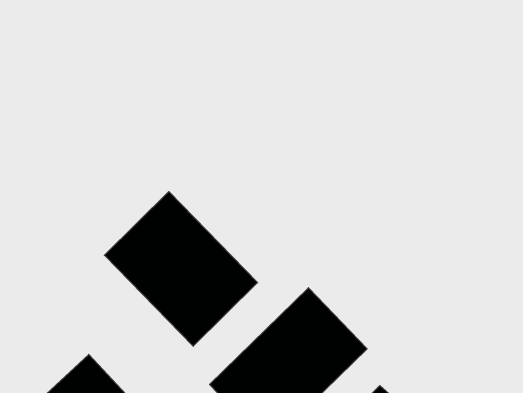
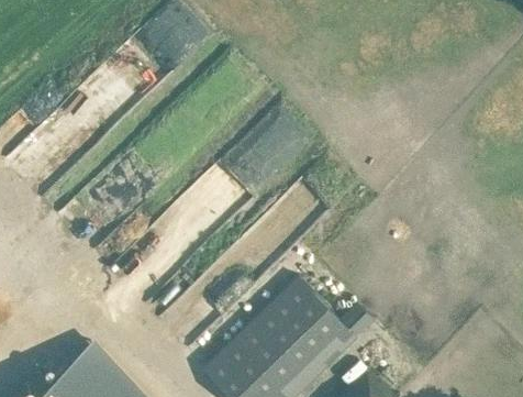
building: [104,192,258,346] -> none

